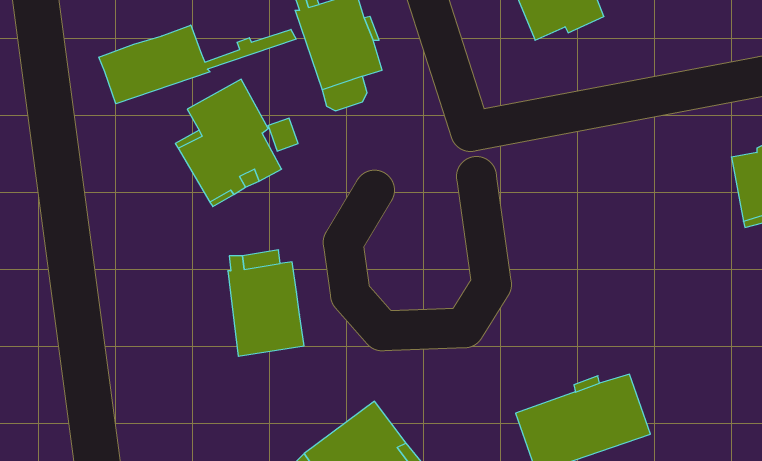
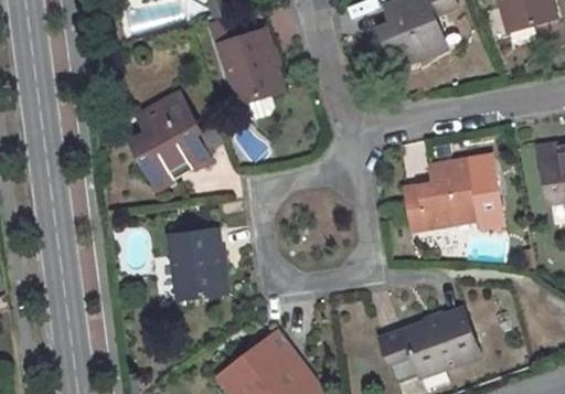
building: [99,25,296,104] -> none
building: none -> [405,156,503,231]

